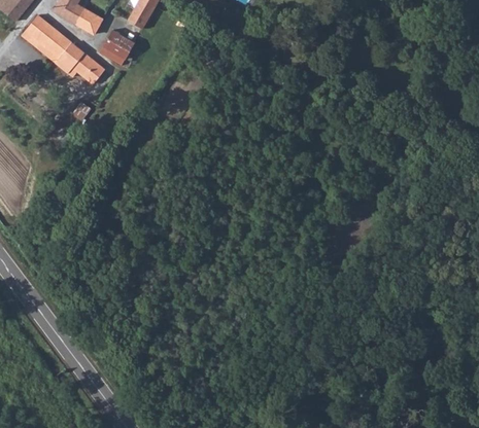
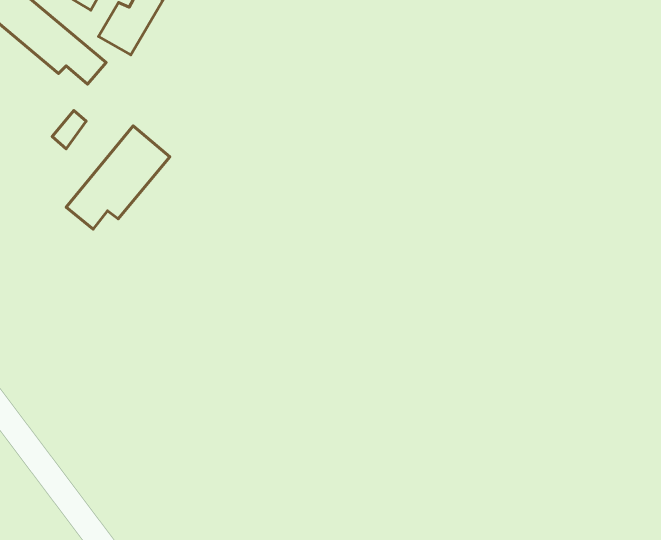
building: none -> [66,126,170,229]

